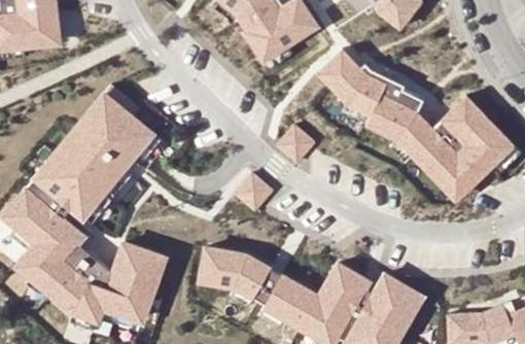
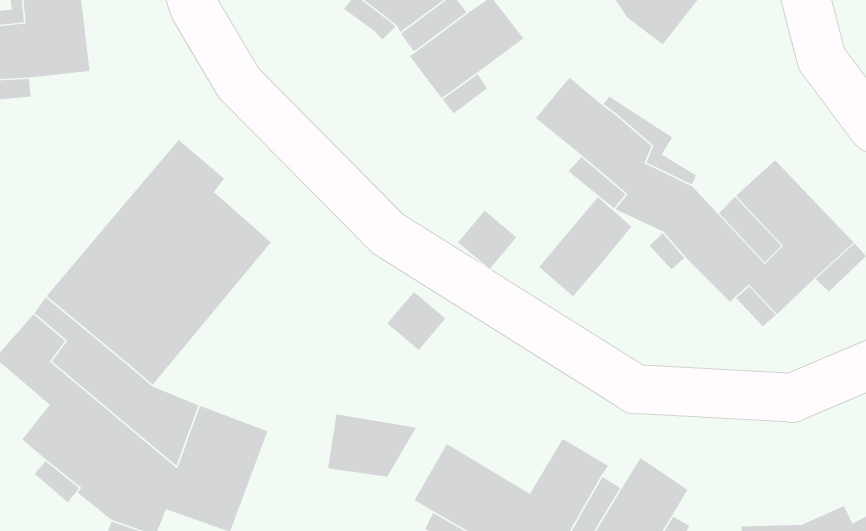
building: none -> [538,196,633,298]
building: [229,256,271,308] -> none

